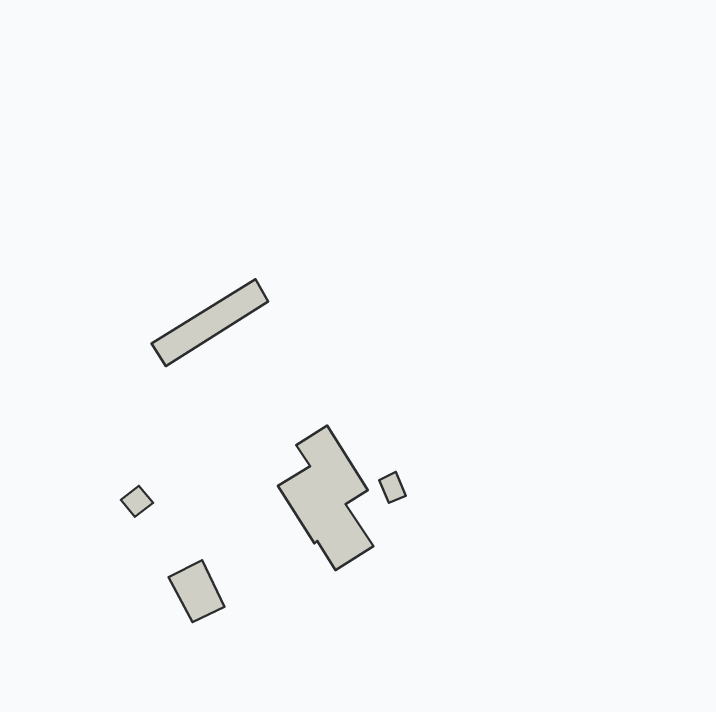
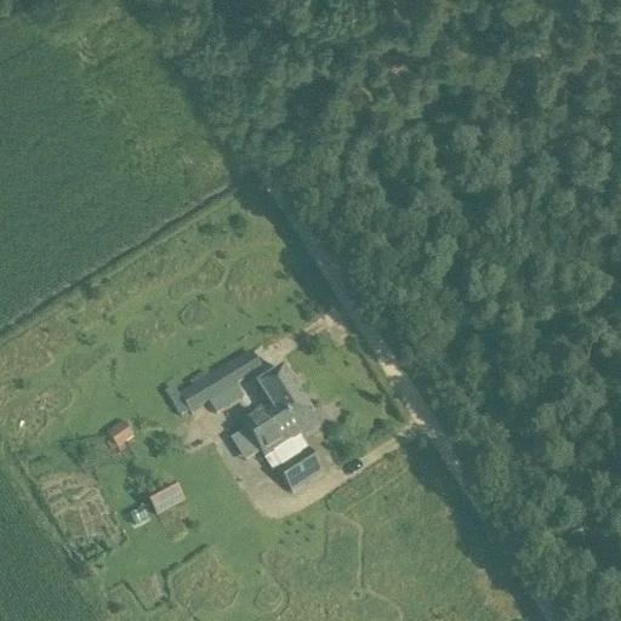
building: [152,279,268,366] -> [177,337,278,412]

